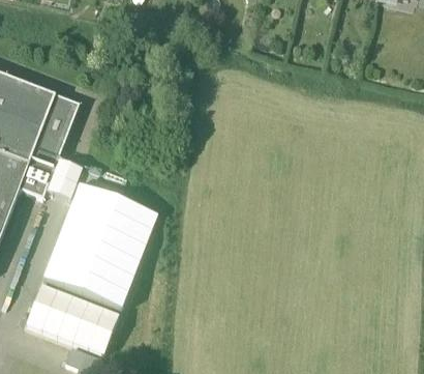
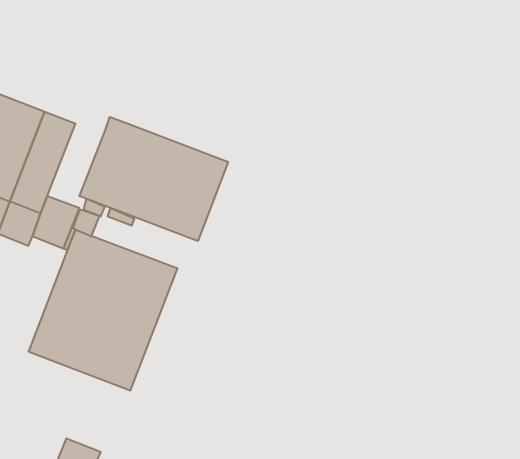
building: none -> [79,117,228,241]
building: [26,280,119,349] -> none

